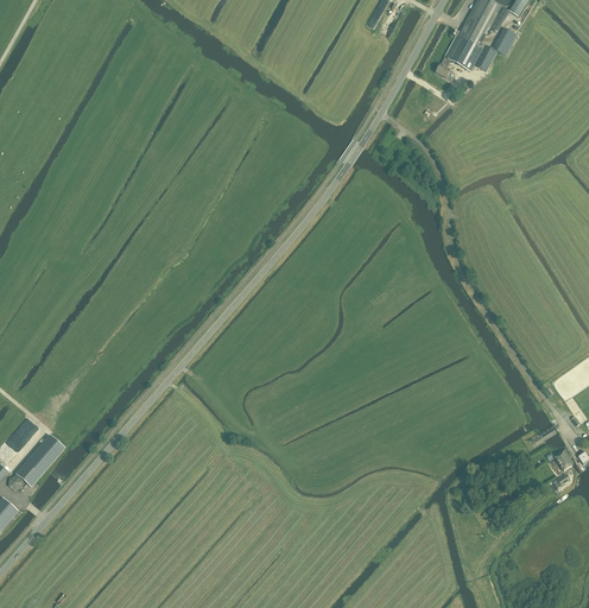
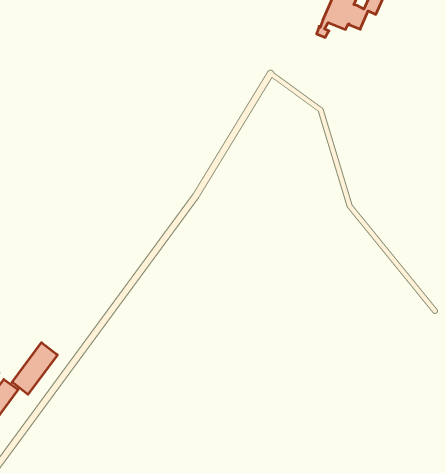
building: none -> [12,343,57,394]

